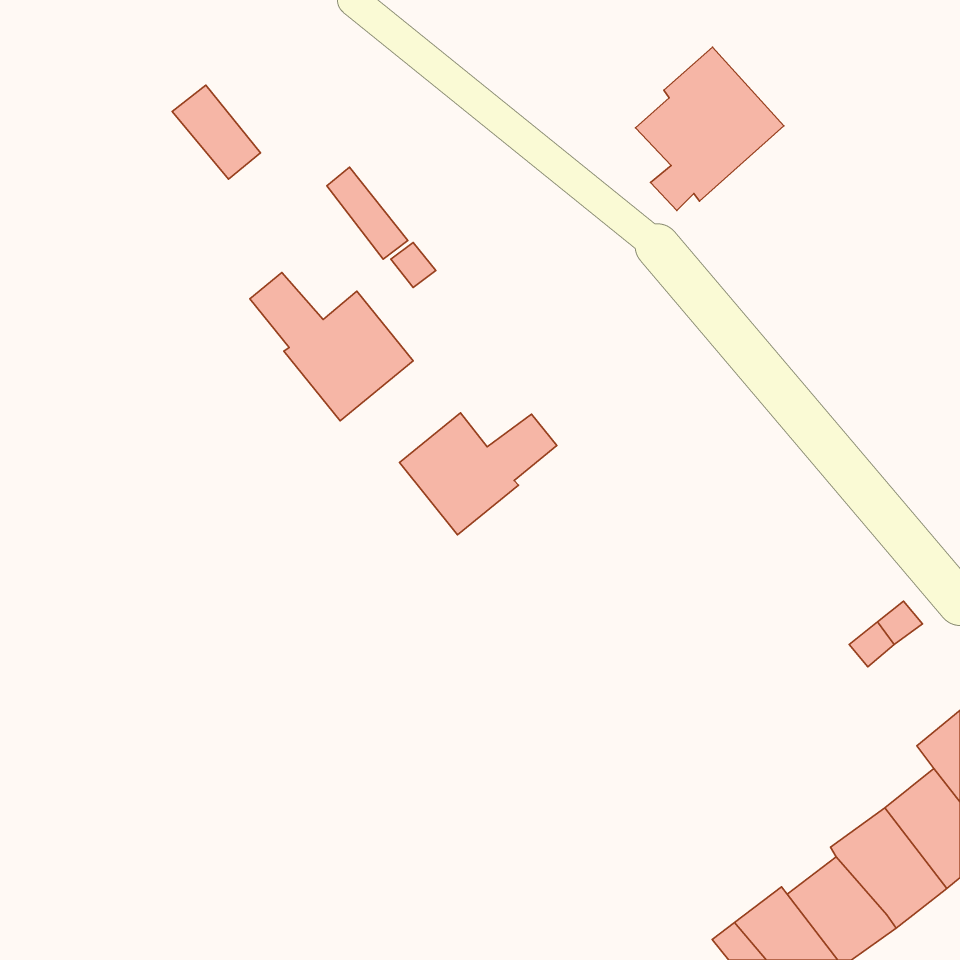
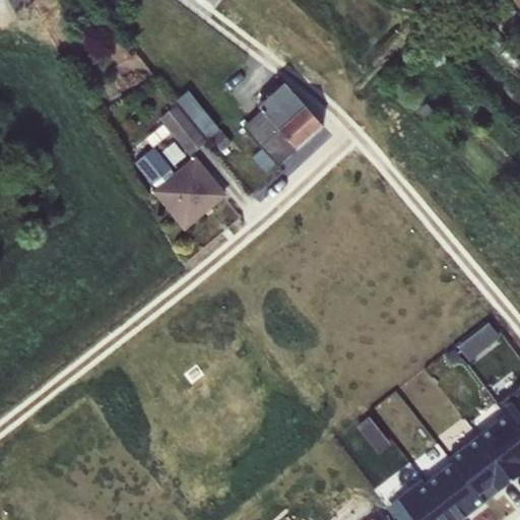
building: [636,47,784,211] -> [243,83,323,172]
building: [172,85,260,179] -> [158,105,206,155]
building: [399,413,557,535] -> none

